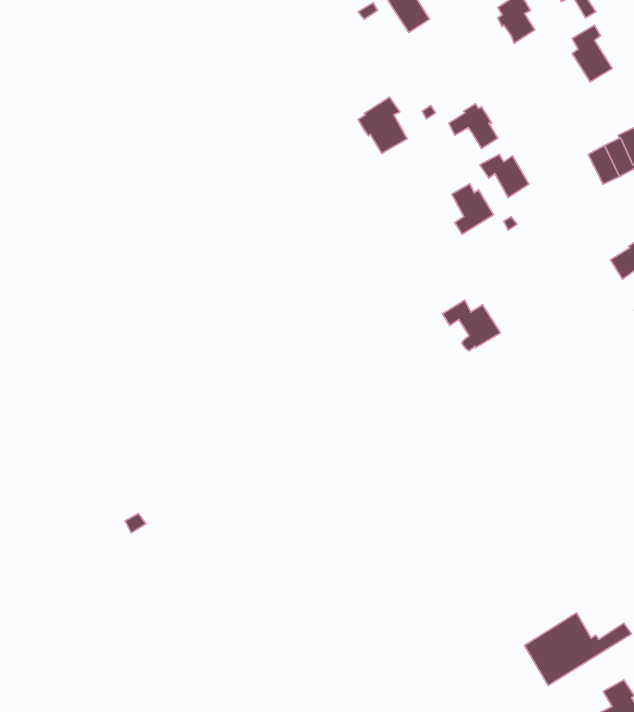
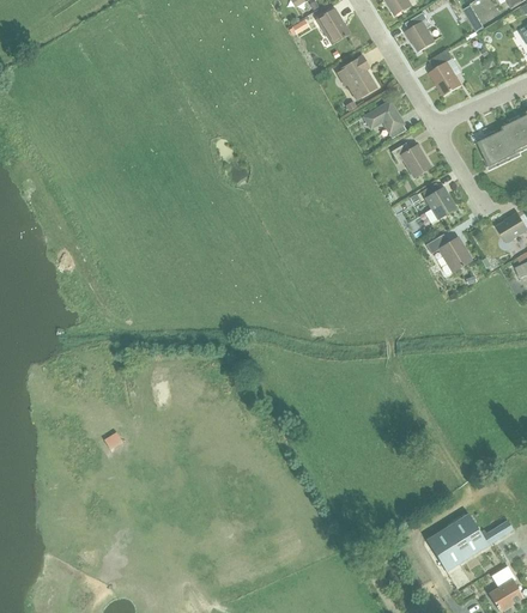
building: [572,25,612,82] -> [429,50,461,96]
building: [358,97,407,154] -> [337,55,376,101]
building: [452,184,493,234] -> [422,182,455,223]
building: [442,300,500,351] -> [425,233,472,274]

